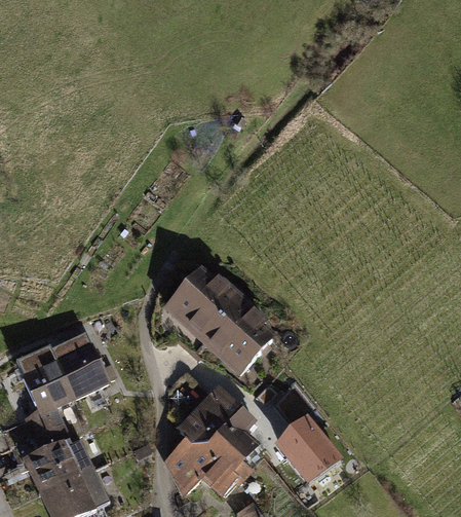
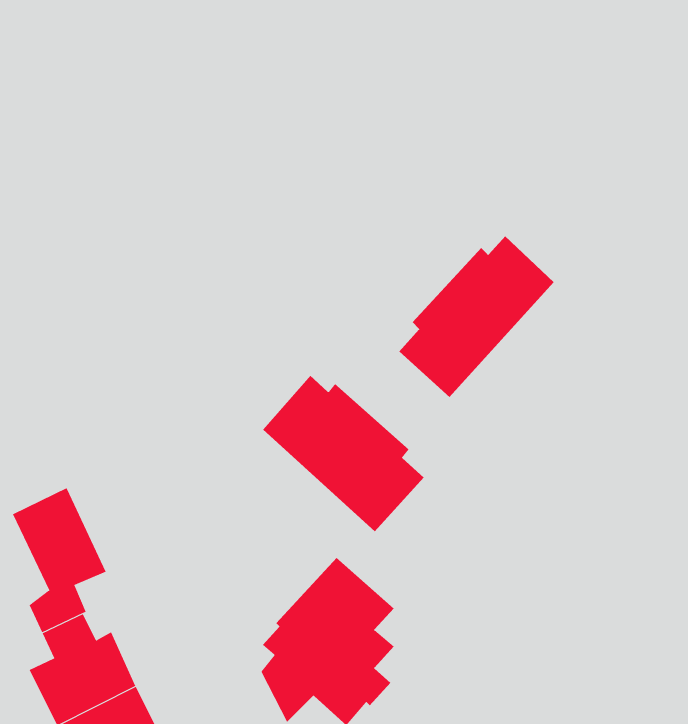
building: none -> [398,236,554,398]
building: [50,334,106,398] -> none
building: [272,378,339,483] -> none

